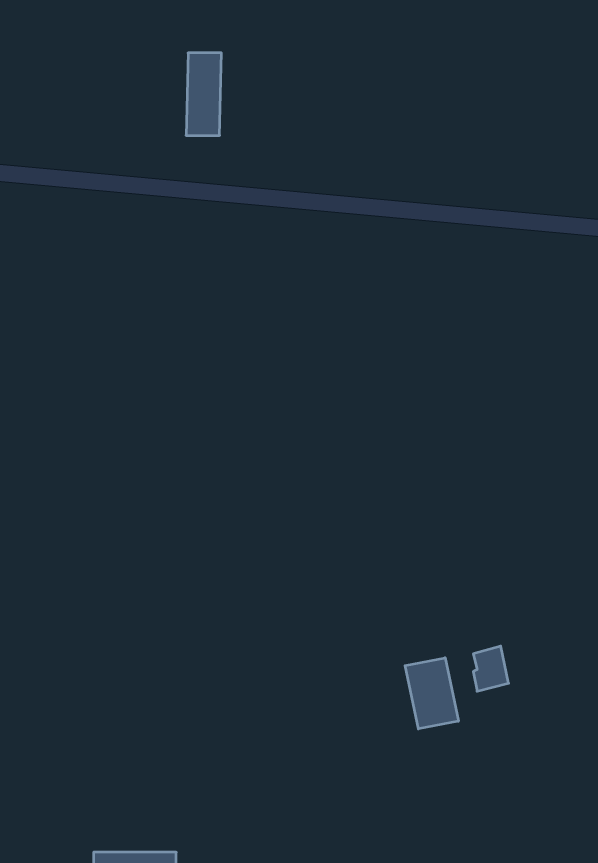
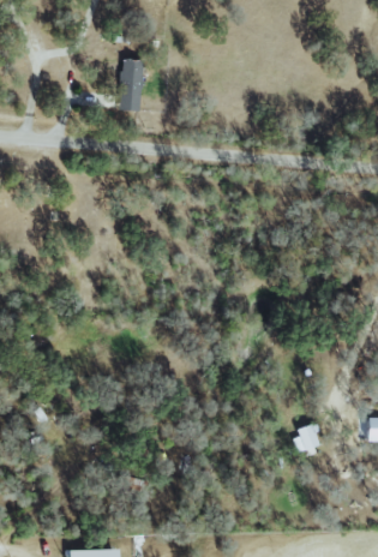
building: [405,658,458,729] -> none

